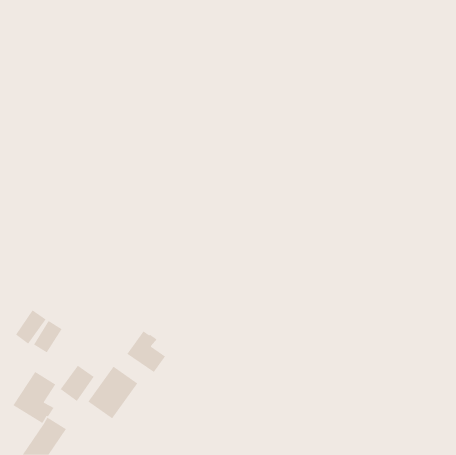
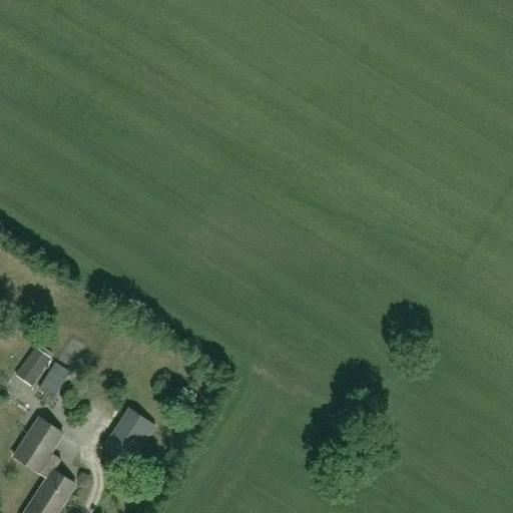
building: [126,331,166,373] -> none
building: [60,365,94,402] -> none

